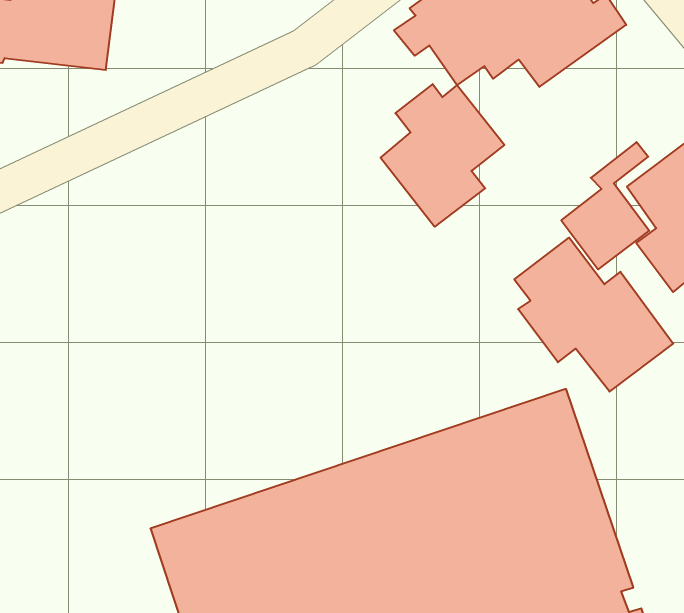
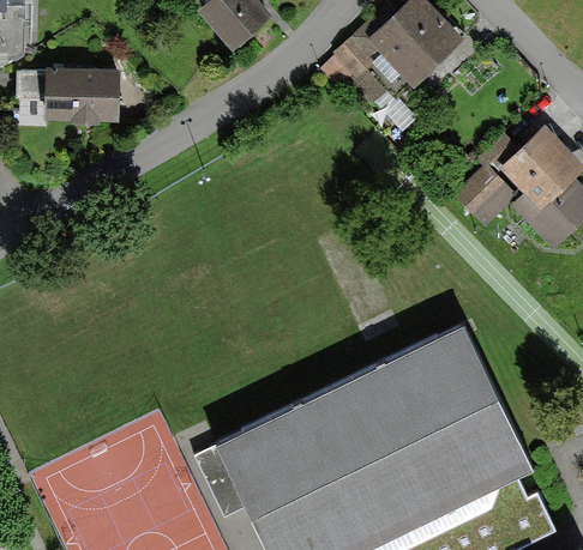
building: [381,84,504,227] -> none
building: [514,238,673,392] -> none

